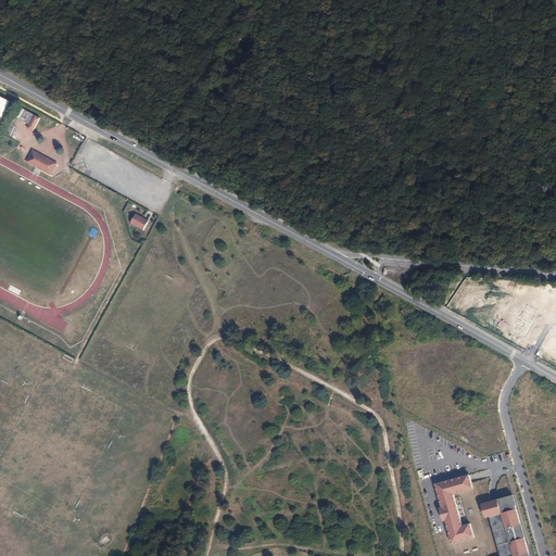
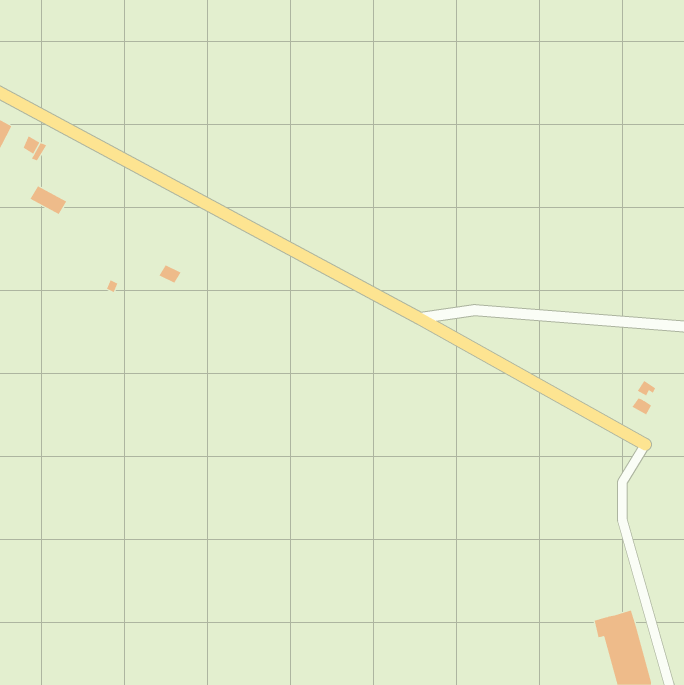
building: [433,473,472,542] -> none

